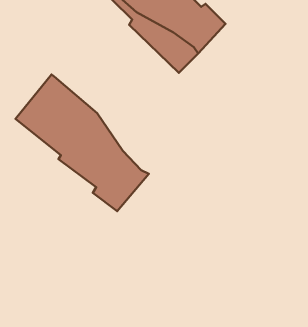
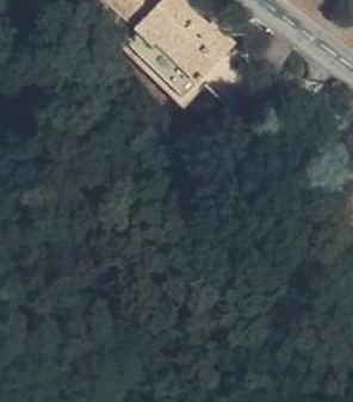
building: [15,75,149,211] -> none

